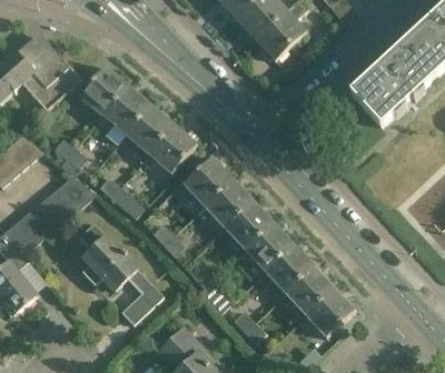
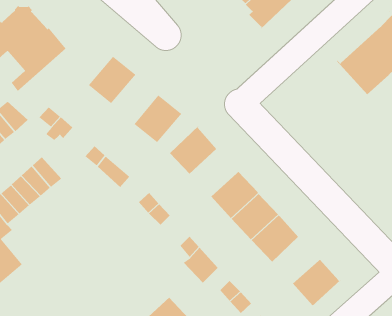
building: [80,67,129,117] -> none
building: [126,105,174,155] -> none
building: [57,174,95,210] -> none
building: [204,179,254,228] -> none
building: [79,222,162,325] -> none
building: [286,266,335,314] -> none

